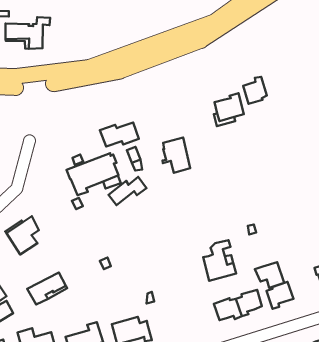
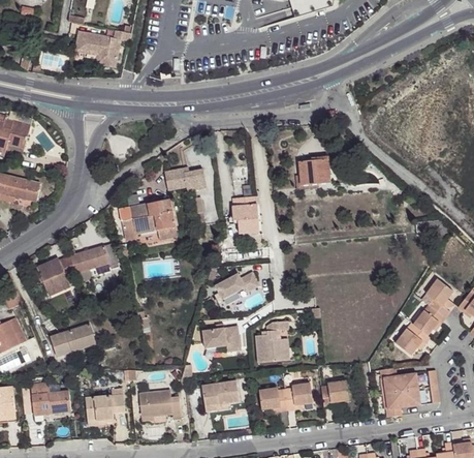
building: [243,77,267,104] -> none
building: [108,177,146,205] -> [215,271,259,299]
building: none -> [69,243,118,272]
building: none -> [202,324,241,352]
building: [255,262,284,288] -> none
building: none -> [201,380,239,411]

